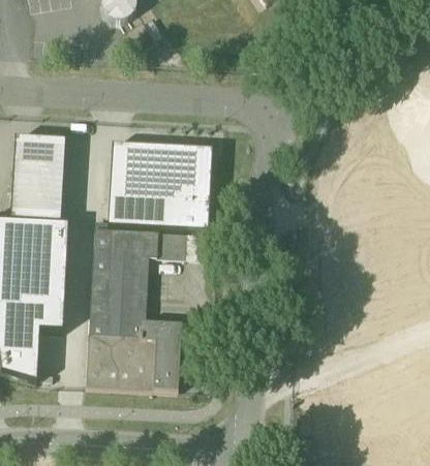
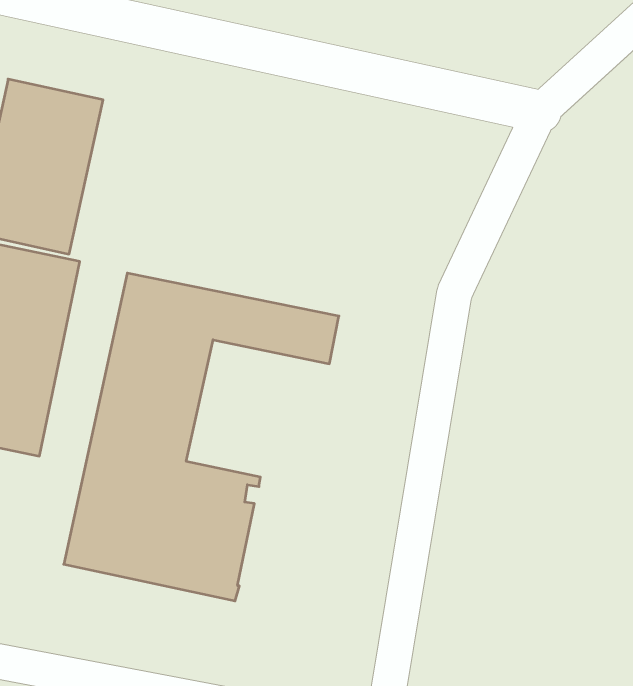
building: [108,142,212,228] -> none

